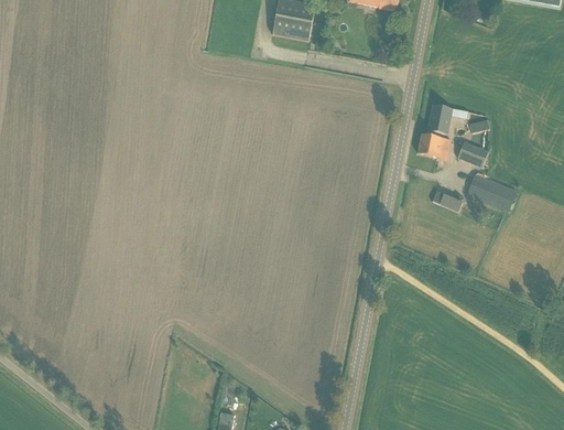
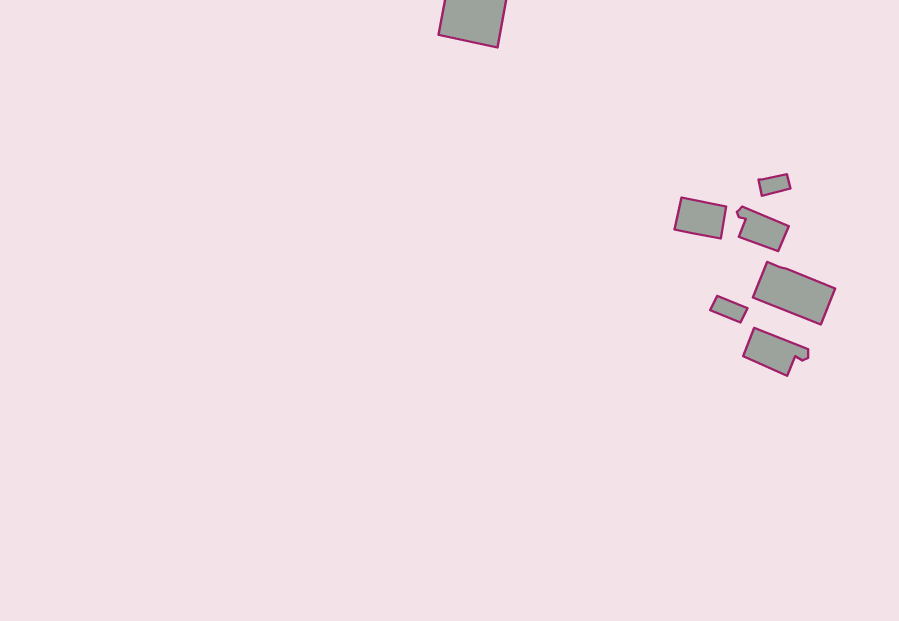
building: [427,104,452,132] -> none
building: none -> [743,328,808,376]

